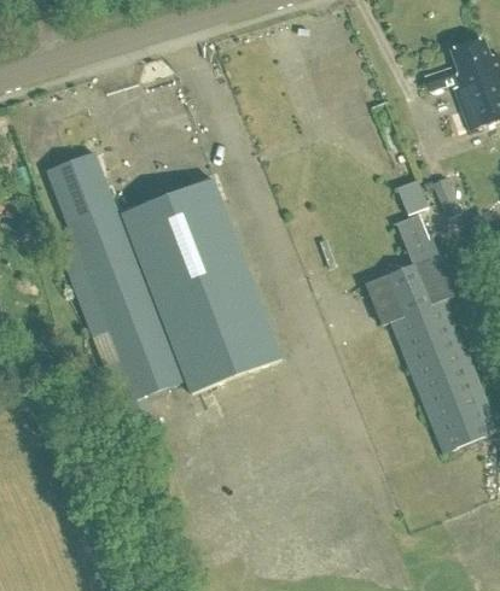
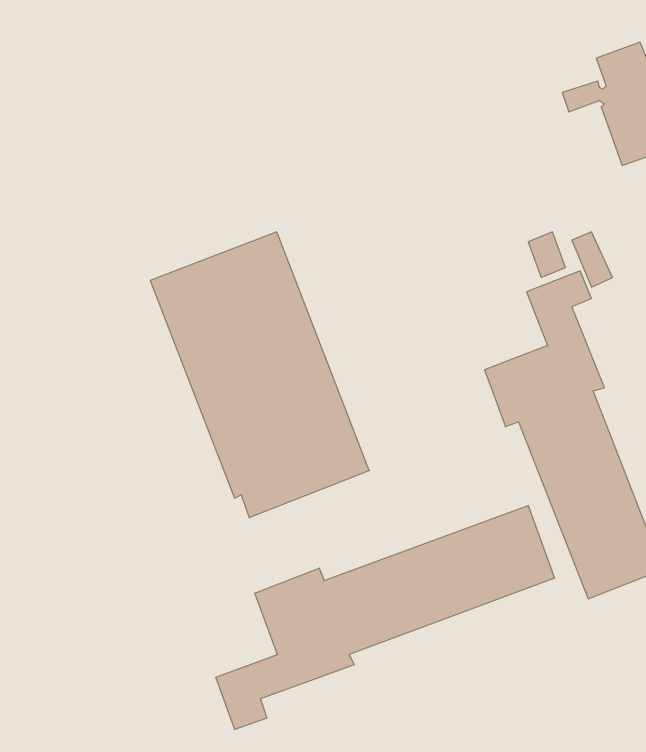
building: [46,148,180,400] -> none
building: none -> [216,505,555,730]

